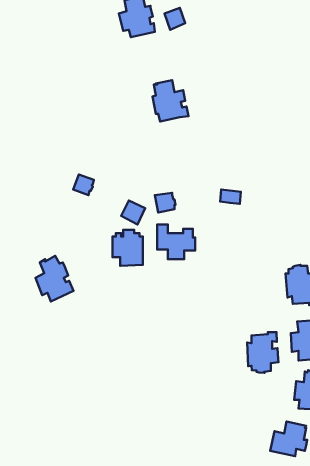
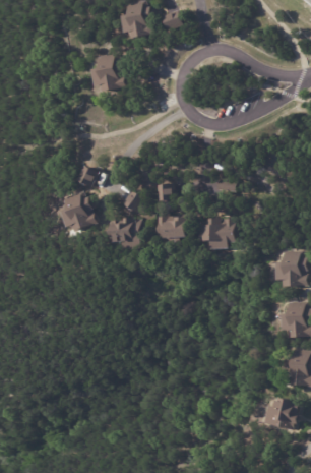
building: [153,80,189,122] -> [92,53,126,92]
building: none -> [197,217,234,248]
building: [36,256,74,302] -> [63,190,99,233]
building: [247,332,278,373] -> none

